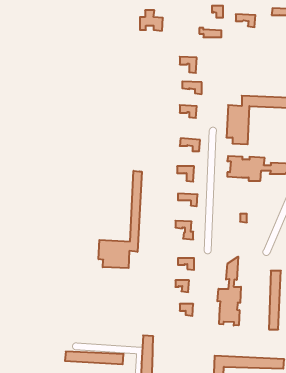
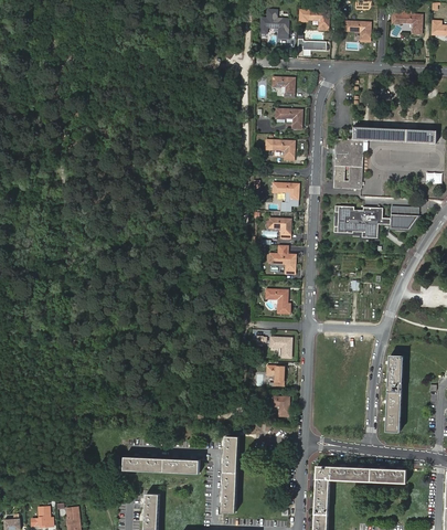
building: [140,10,163,31] -> [258,9,288,35]
building: [99,171,142,268] -> none
building: [217,257,241,326] -> none

